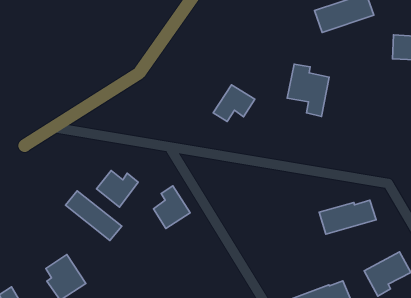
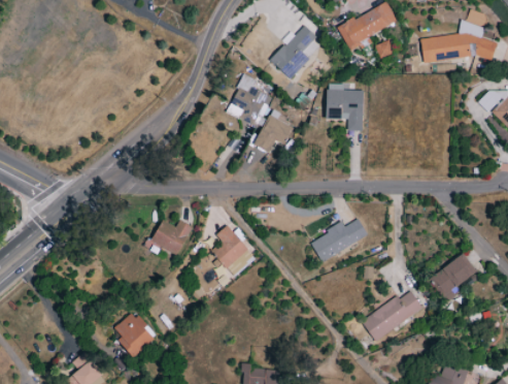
building: none -> [269,27,323,78]
building: none -> [230,74,272,127]
building: [65,191,122,240] -> none
building: [319,200,376,234] -> [310,219,368,260]

